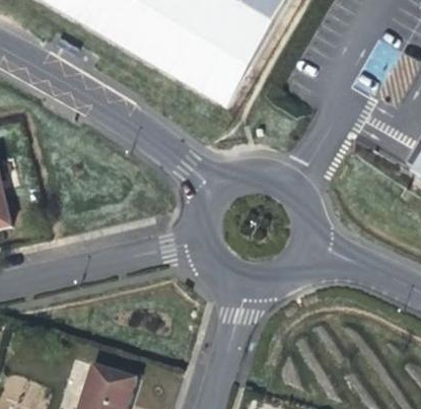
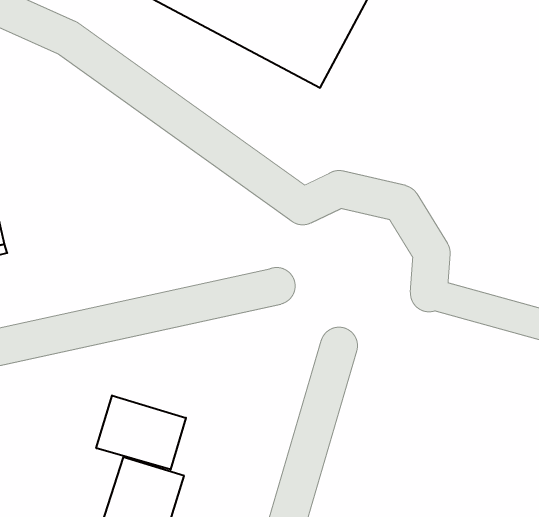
building: none -> [96,395,186,470]

